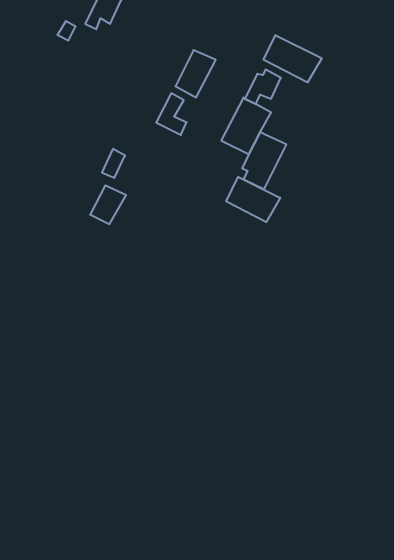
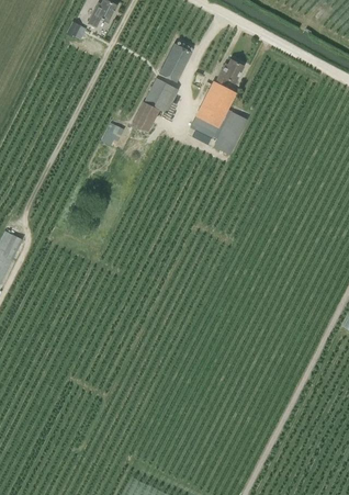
building: [264,35,322,82] -> none
building: [226,177,280,222] -> none
building: [90,185,126,224] -> [131,102,159,133]

